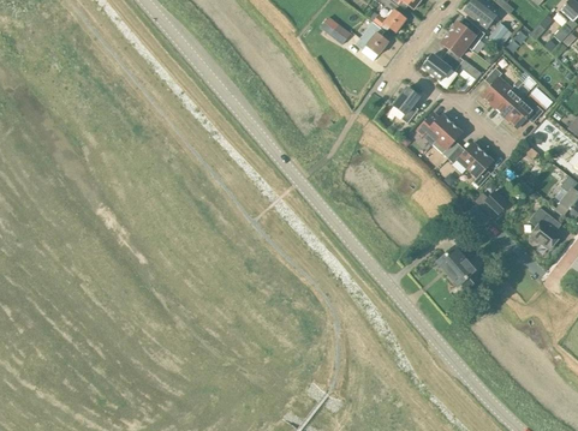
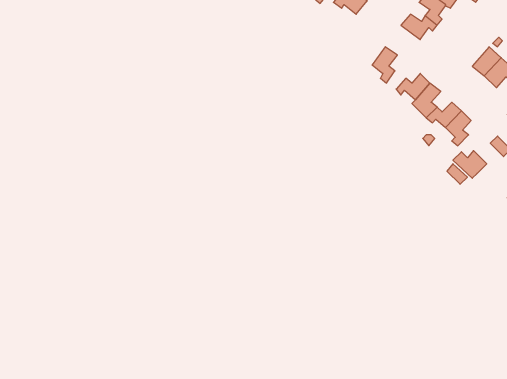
building: [482,67,511,107] -> none
building: [436,245,477,286] -> none

